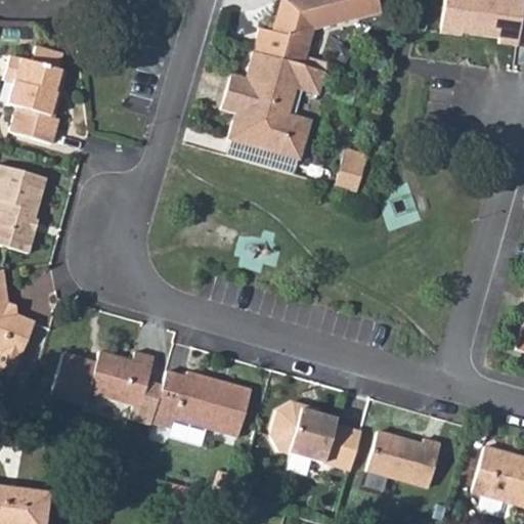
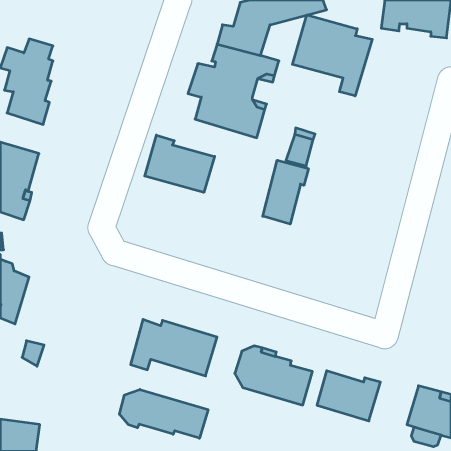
building: none -> [292,15,372,96]
building: none -> [145,135,215,192]
building: none -> [263,160,308,224]
building: [52,351,162,423] -> none
building: none -> [119,389,208,438]

